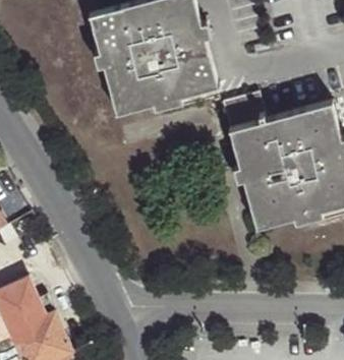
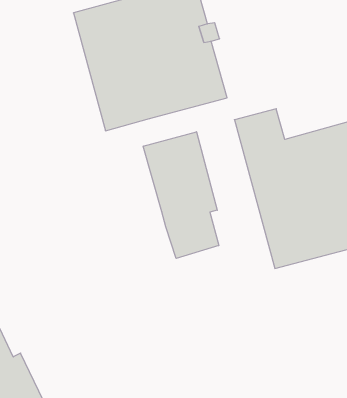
building: none -> [143,132,219,258]

